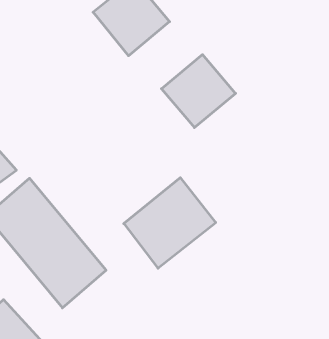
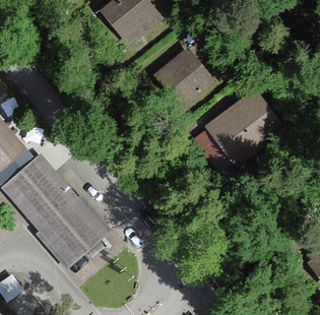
building: [124,178,216,268] -> [206,89,285,168]

